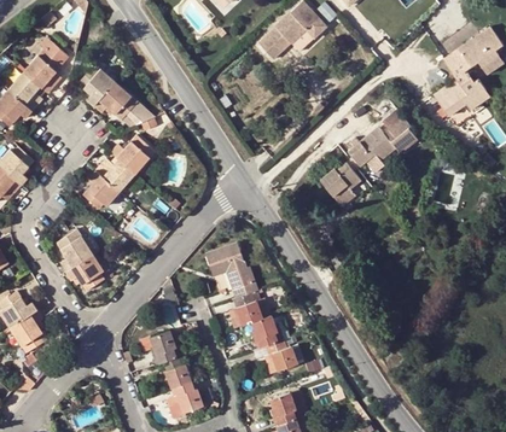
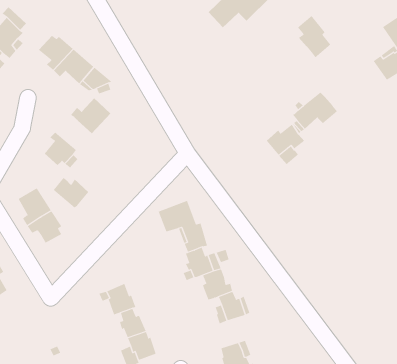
building: [380,109,417,154] -> [297,15,331,58]
building: [95,157,134,189] -> [53,177,89,208]

